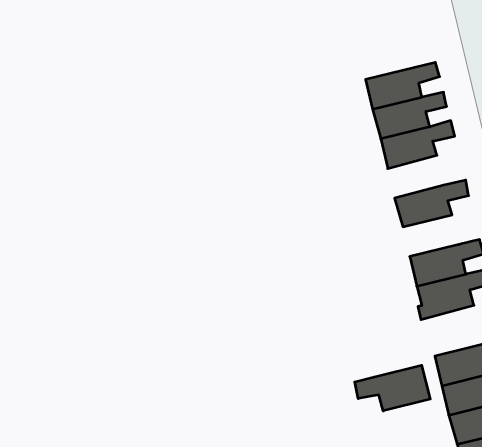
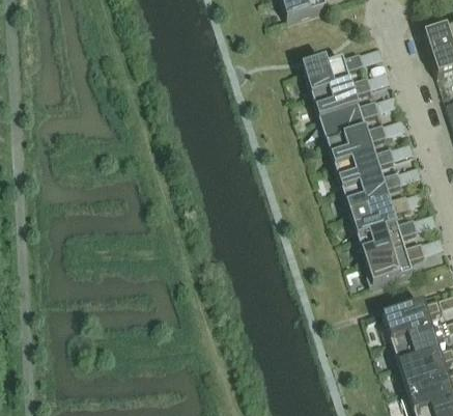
building: none -> [304,51,366,92]
building: none -> [336,145,396,188]
building: none -> [351,193,412,234]
building: [355,365,430,411] -> none

